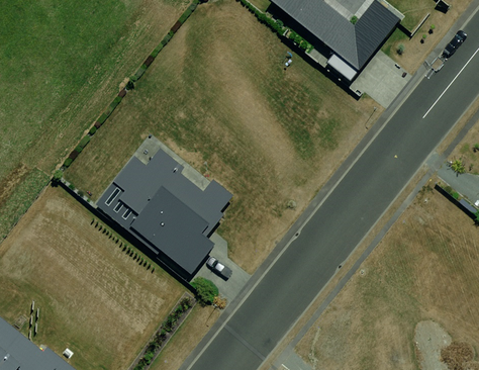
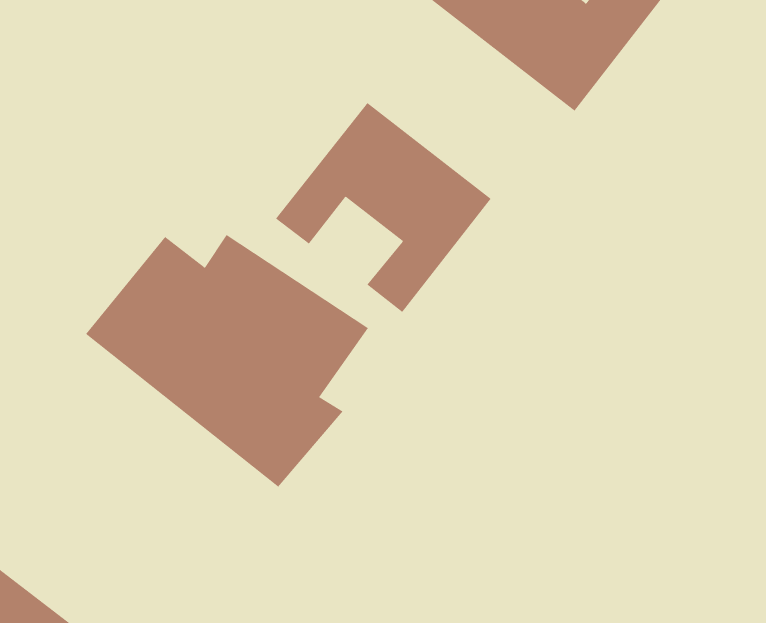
building: none -> [275,102,491,313]

